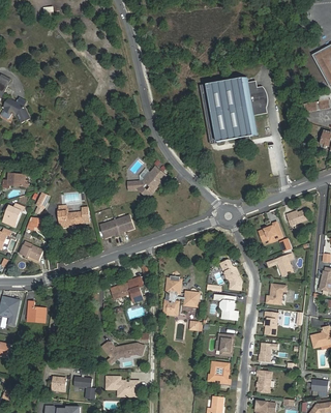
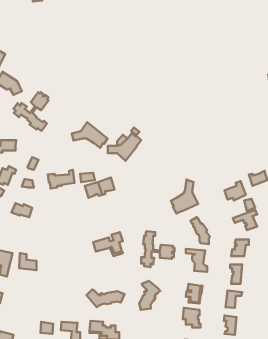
building: [208,77,265,141] -> none
building: none -> [14,92,49,131]
building: none -> [72,122,108,148]
building: none -> [171,179,198,214]
building: none -> [139,281,160,310]

